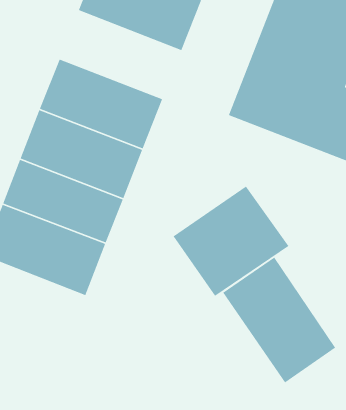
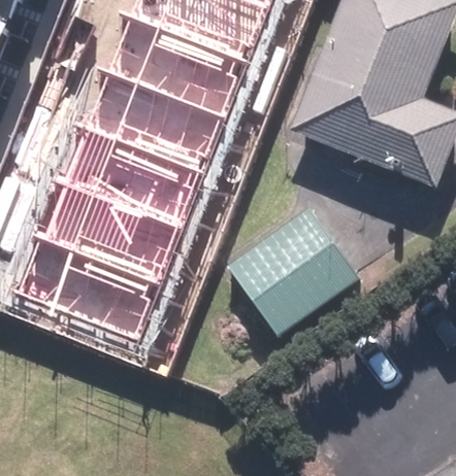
building: none -> [102,14,239,113]
building: [222,256,336,383] -> none

